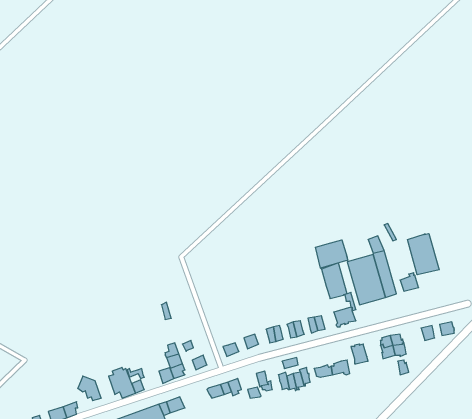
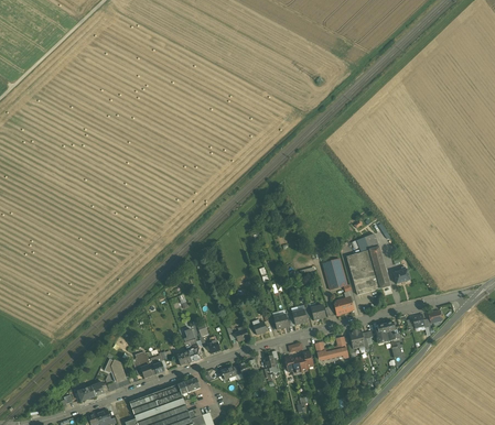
building: [407,234,439,275] -> none
building: [316,240,348,268] -> none

